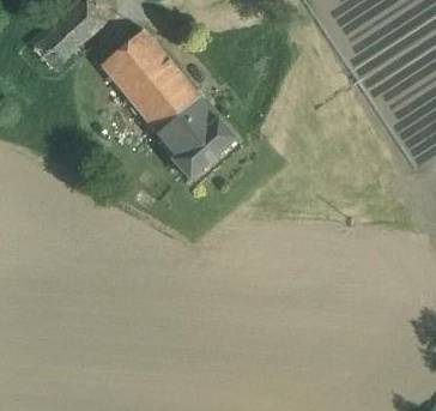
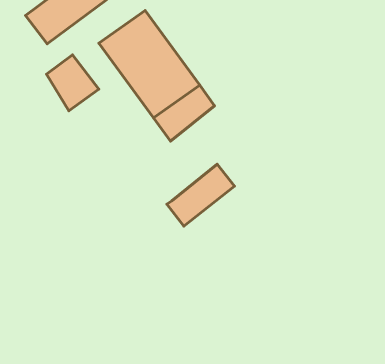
building: none -> [46,55,99,111]
building: [172,117,237,180] -> [167,164,234,226]

